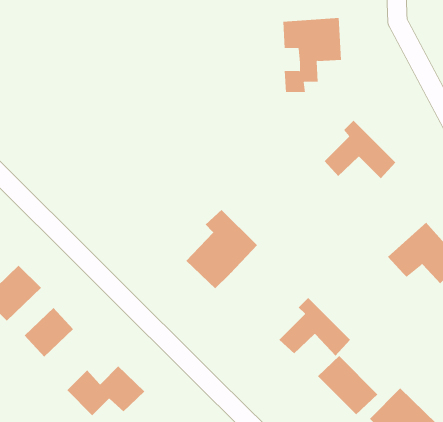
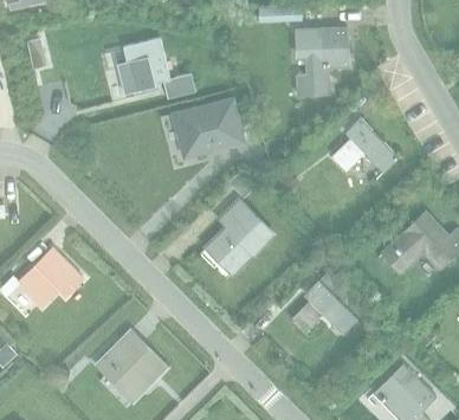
building: none -> [123,37,194,97]
building: none -> [173,98,243,154]
building: [24,307,74,358] -> none
building: [317,355,378,415] -> none

